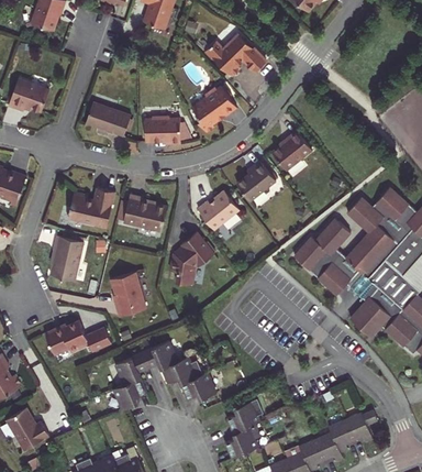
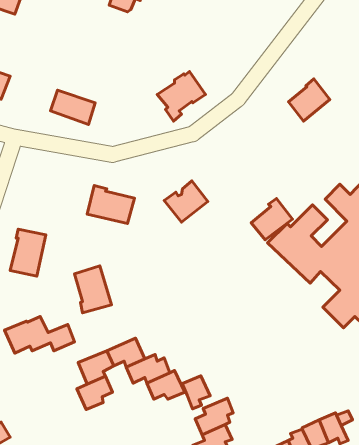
building: [208,34,267,76] -> none
building: [145,116,181,143] -> none
building: [271,131,311,172] -> [289,79,330,121]
building: [236,161,276,200] -> [251,199,293,240]
building: [68,187,114,228] -> none
building: [170,232,214,285] -> none
building: none -> [183,376,210,409]

